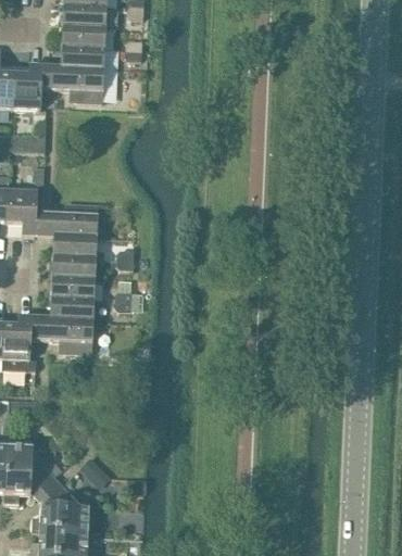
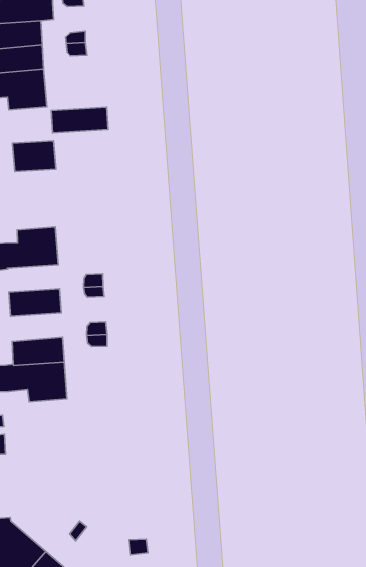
building: none -> [51,107,108,133]
building: none -> [12,141,56,172]
building: [52,233,97,256] -> none
building: [50,275,95,298] -> none

